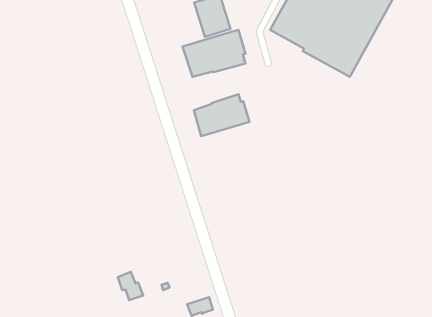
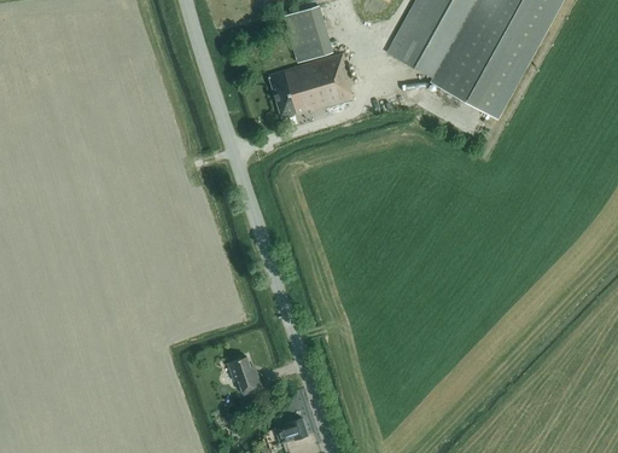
building: [194,94,250,136] -> none
building: [118,272,143,300] -> [228,356,263,395]

